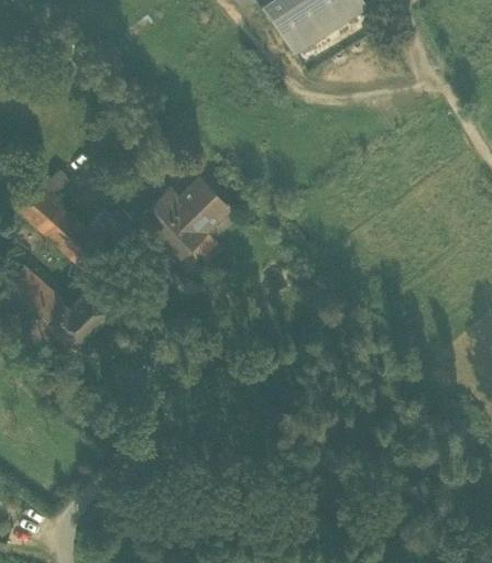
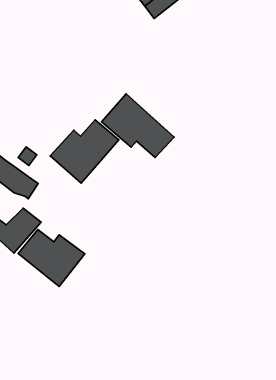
building: none -> [101,94,174,157]
building: none -> [18,229,85,287]

